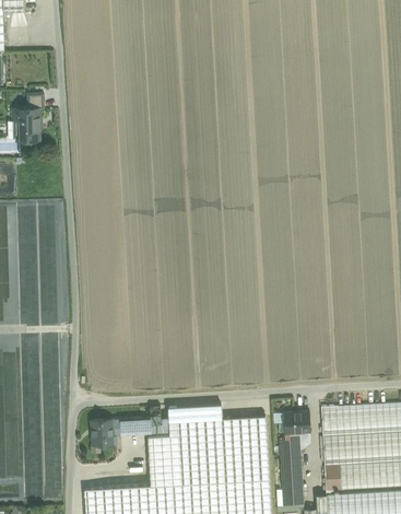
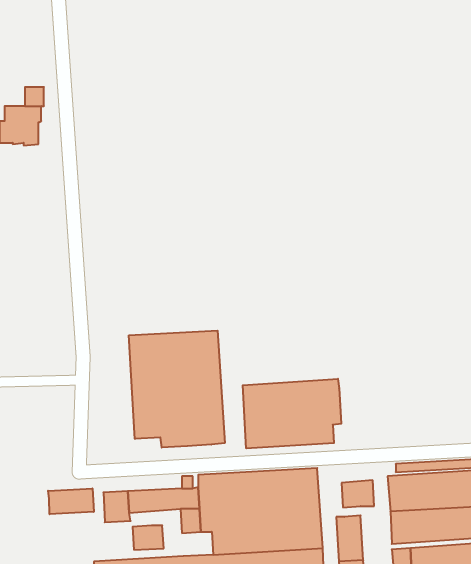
building: none -> [129,331,225,448]
building: none -> [243,379,341,448]
building: none -> [48,488,94,514]
building: [155,455,180,475] -> [133,525,164,550]

